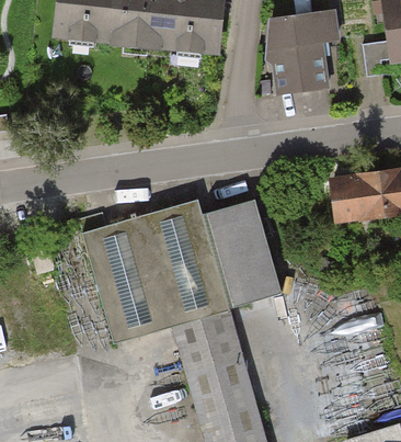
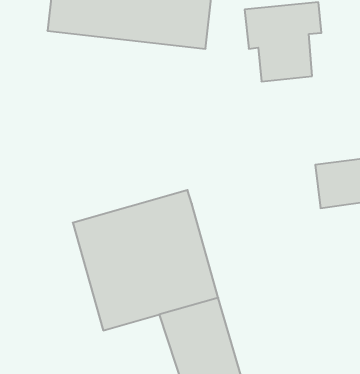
building: [203,203,287,316] -> none

